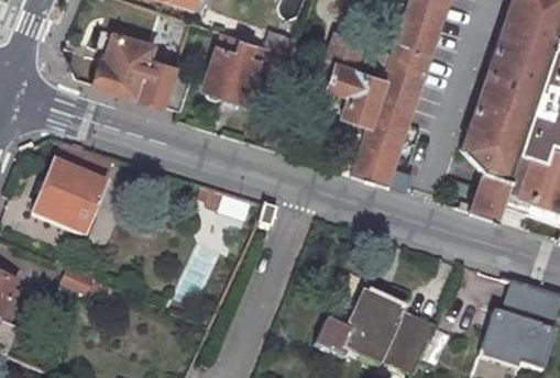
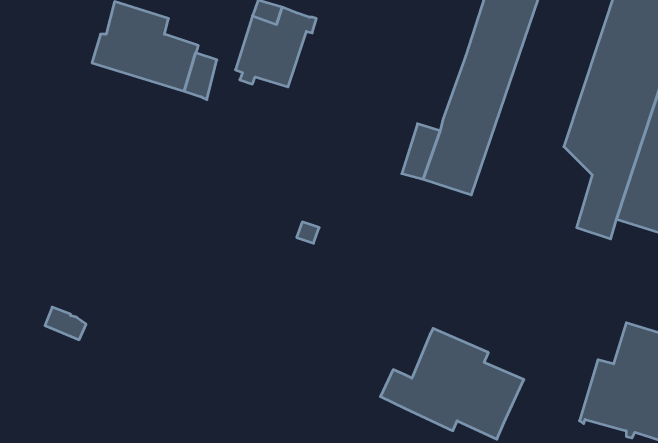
building: [328,58,387,125] -> none
building: [32,142,112,234] -> none

